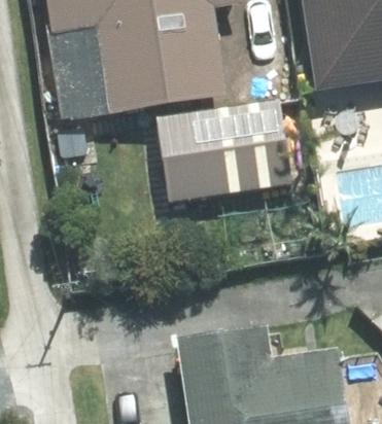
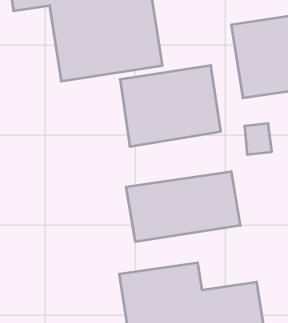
building: none -> [126,171,240,242]

